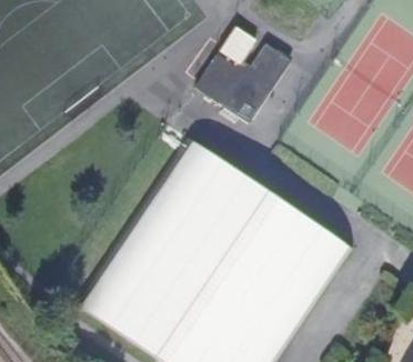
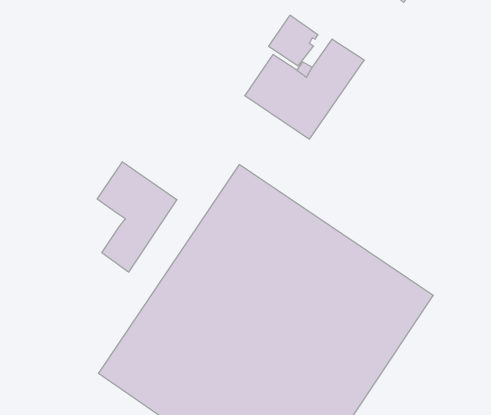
building: none -> [97,162,177,272]

